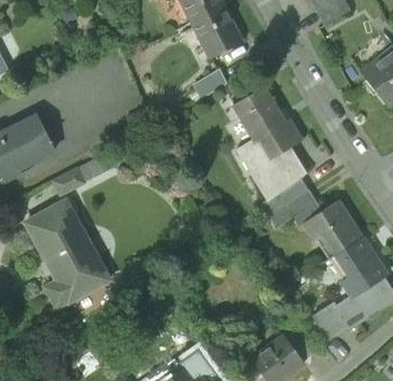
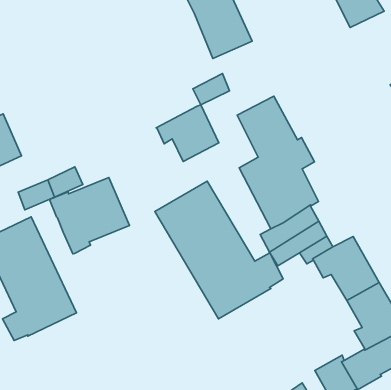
building: none -> [156,105,219,161]
building: none -> [155,181,283,319]
building: none -> [49,177,129,254]

